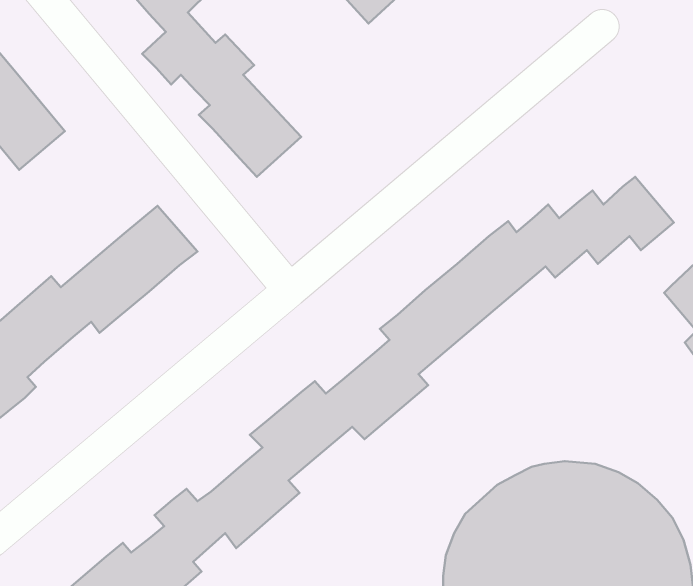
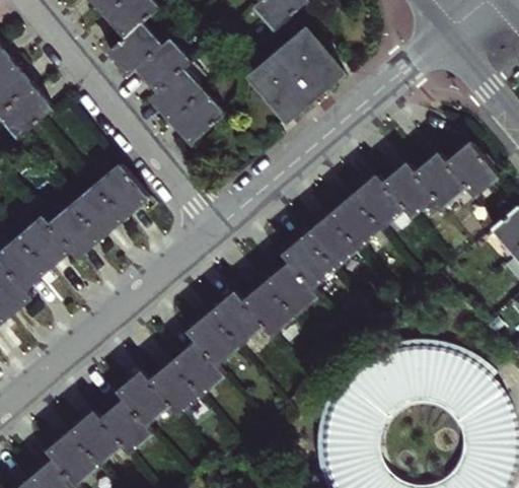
building: none -> [251,28,342,117]

